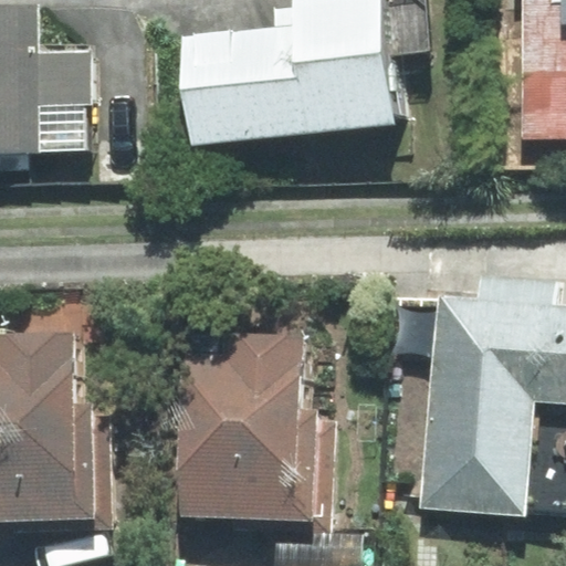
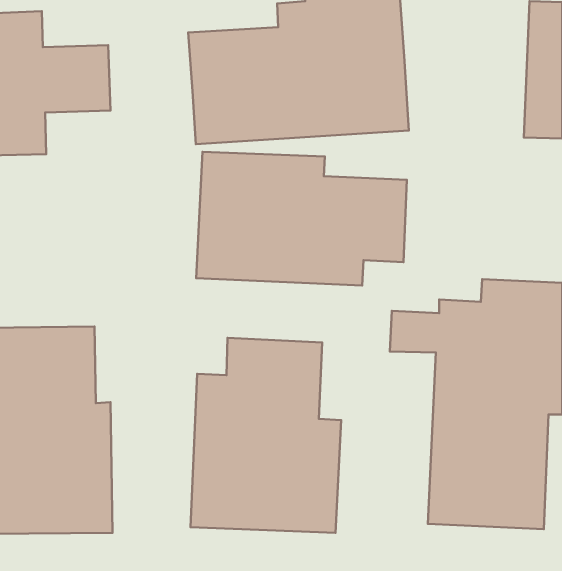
building: none -> [196,152,407,285]

